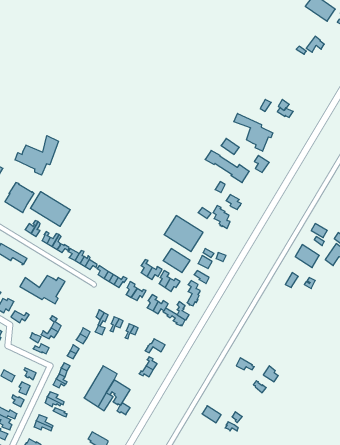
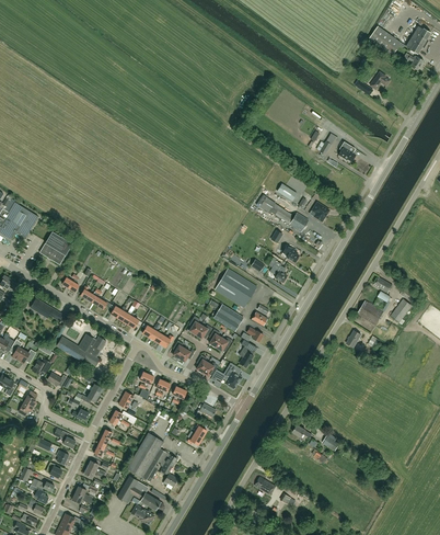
building: [234,113,273,151] -> none
building: [15,136,59,175] -> none
building: [30,192,70,226] -> none
building: none -> [117,477,164,512]

